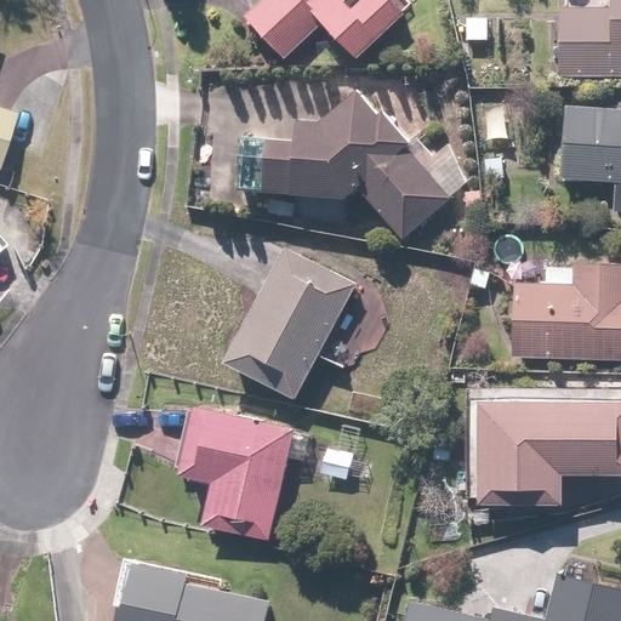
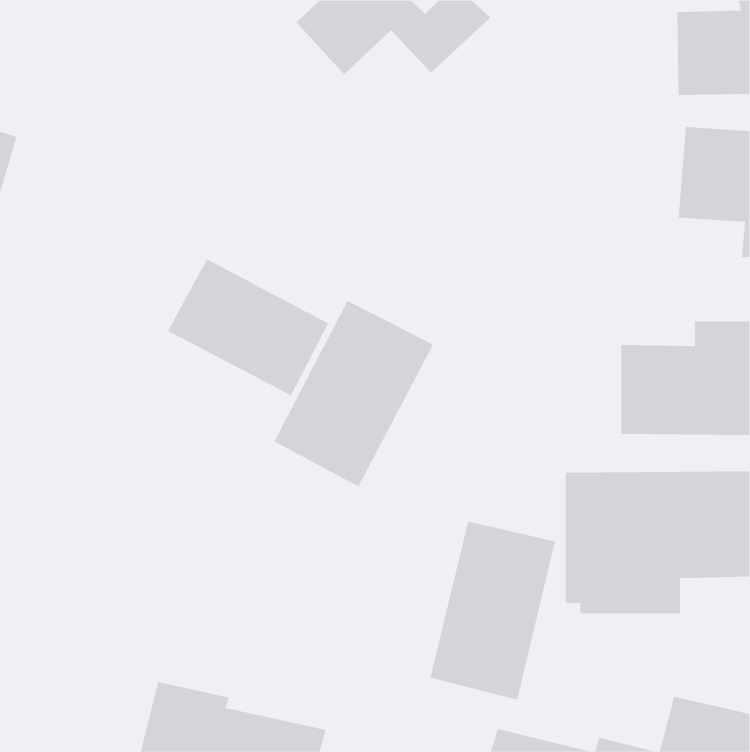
building: [262,91,450,239] -> none
building: none -> [167,259,329,396]
building: [178,406,296,541] -> none
building: none -> [430,521,556,700]

